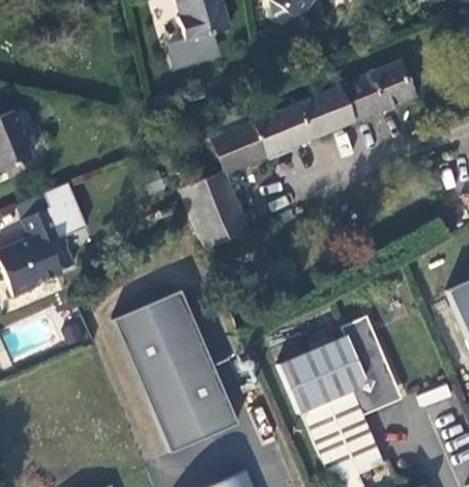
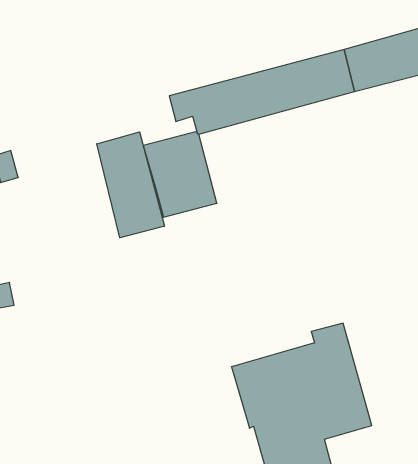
building: none -> [97,132,164,238]
building: [114,290,237,450] -> none

